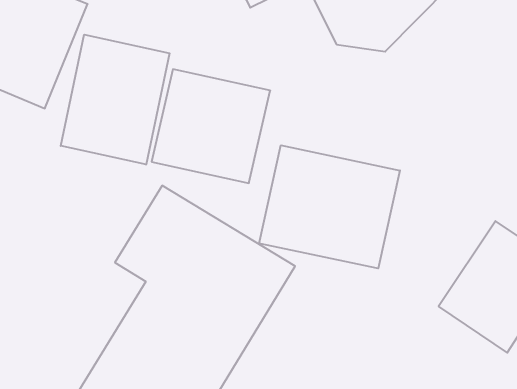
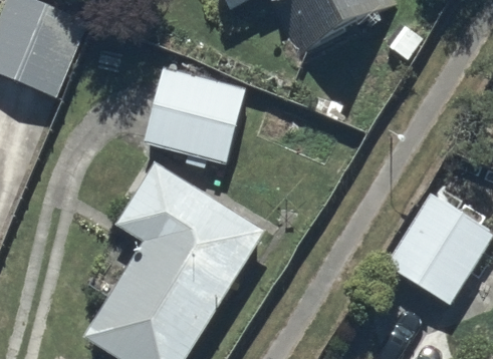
building: [61,35,170,165] -> none
building: [259,145,400,268] -> none

